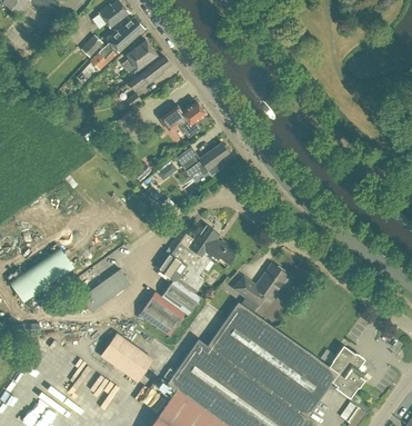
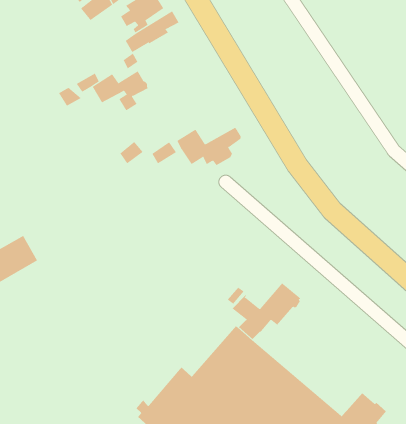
building: [160,102,205,136] -> [92,70,149,111]
building: [138,226,237,336] -> none
building: [79,269,130,314] -> none
building: [100,333,153,383] -> none

